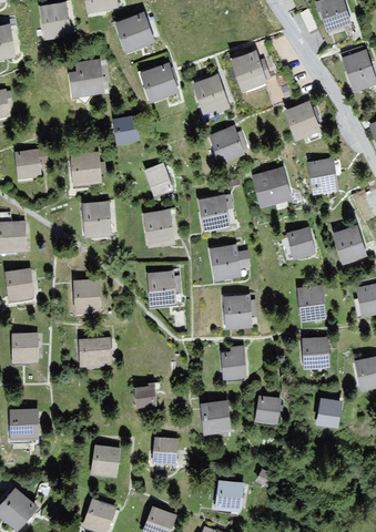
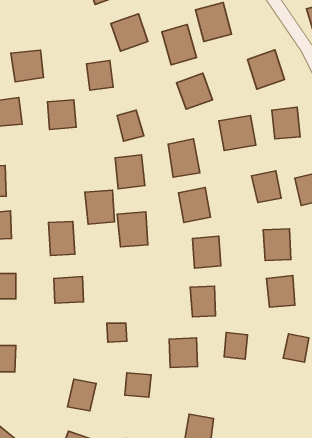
building: [70,62,104,95] -> [11,50,44,82]
building: [83,200,114,235] -> [85,190,115,224]

